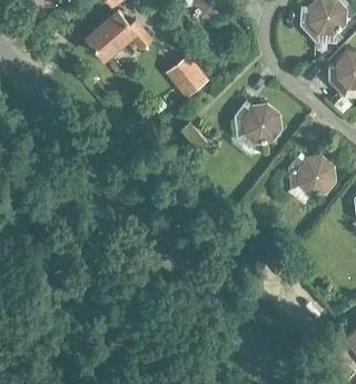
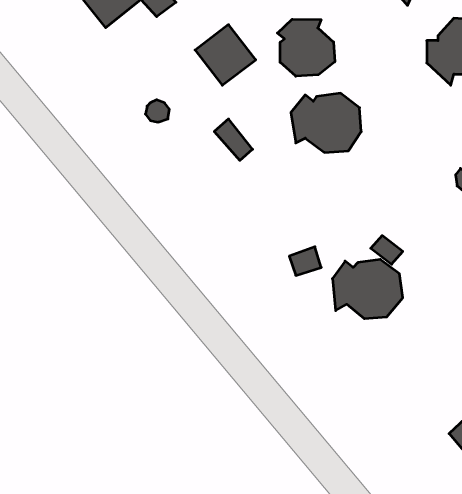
building: none -> [277,19,335,76]
building: [288,155,337,196] -> [332,259,403,319]

